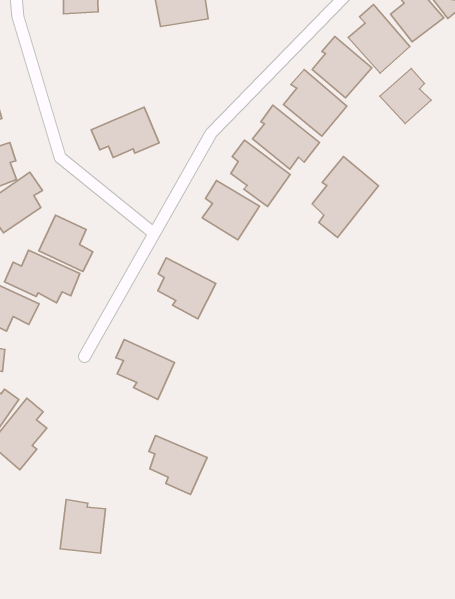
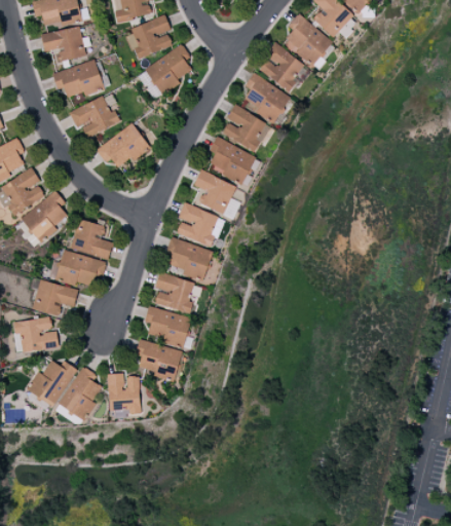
building: none -> [52,60,105,98]
building: none -> [144,45,192,93]
building: none -> [69,99,120,137]
building: [380,69,431,123] -> none
building: [312,156,379,237] -> none
building: none -> [176,203,224,248]
building: none -> [154,272,196,313]
building: [149,435,207,494] -> [136,341,182,382]
building: [60,500,105,553] -> [107,374,141,413]

